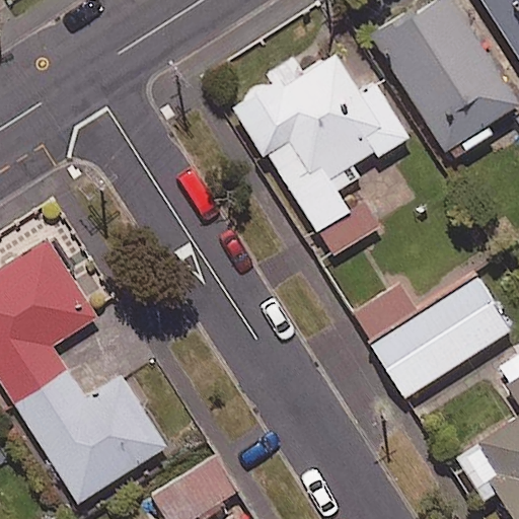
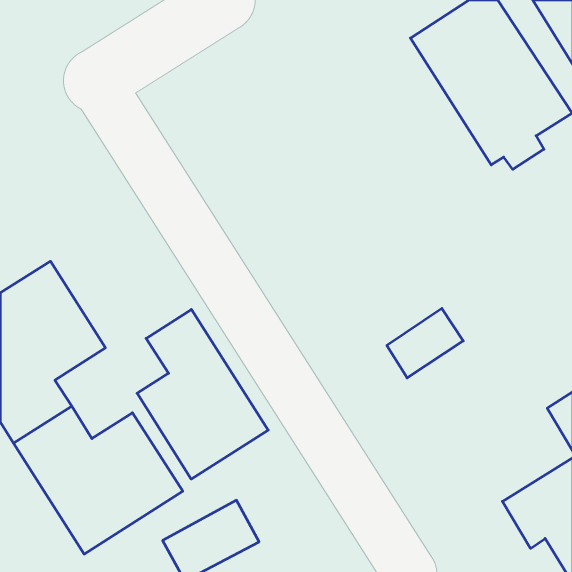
building: [229,53,409,255] -> none
building: [370,278,511,399] -> none
building: none -> [137,309,268,479]

